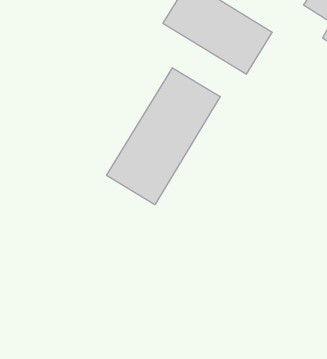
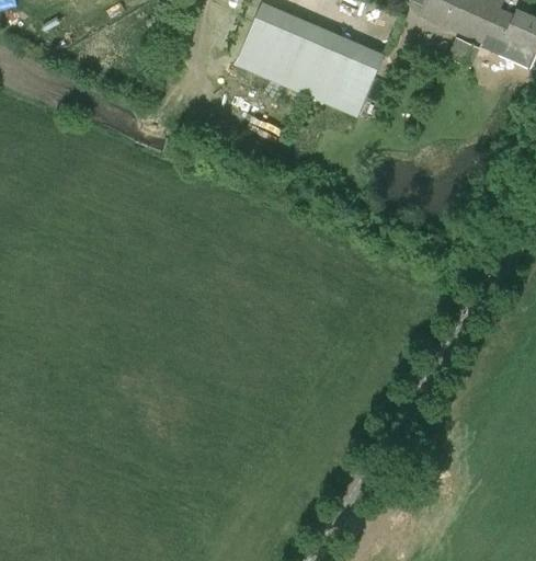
building: [107,68,220,205] -> none

